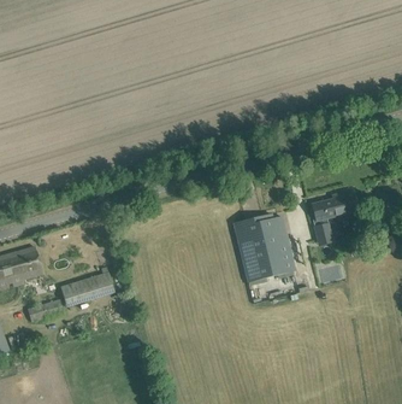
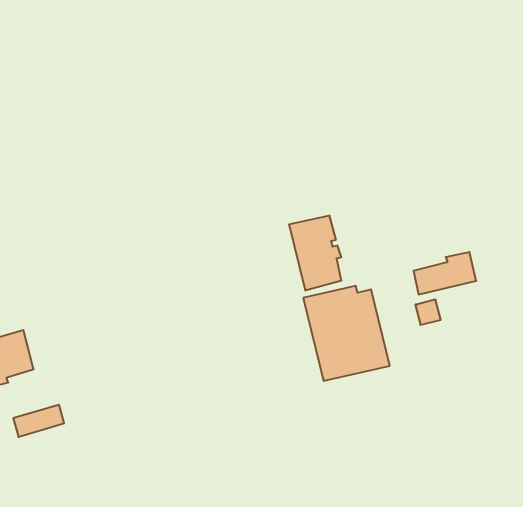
building: none -> [289,215,341,291]
building: [60,271,114,308] -> none

